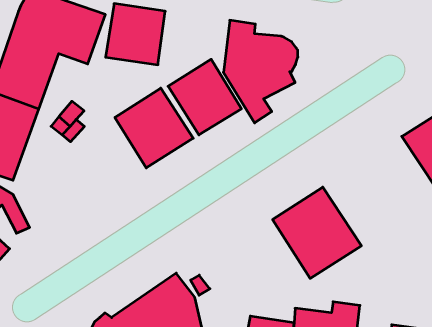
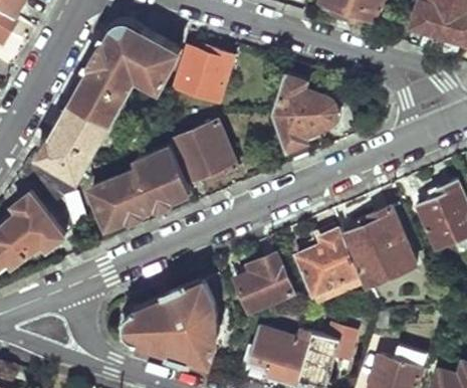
building: [168,59,241,135] -> none
building: none -> [91,145,191,226]
building: none -> [339,208,417,287]
building: none -> [232,253,292,311]

